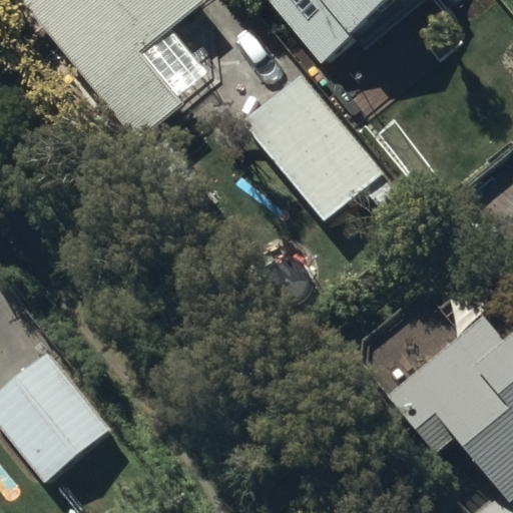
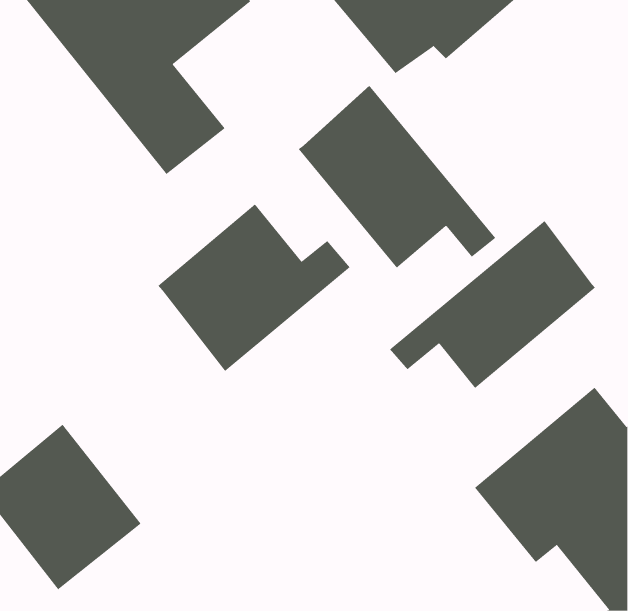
building: none -> [157,204,351,372]
building: none -> [389,220,596,389]

